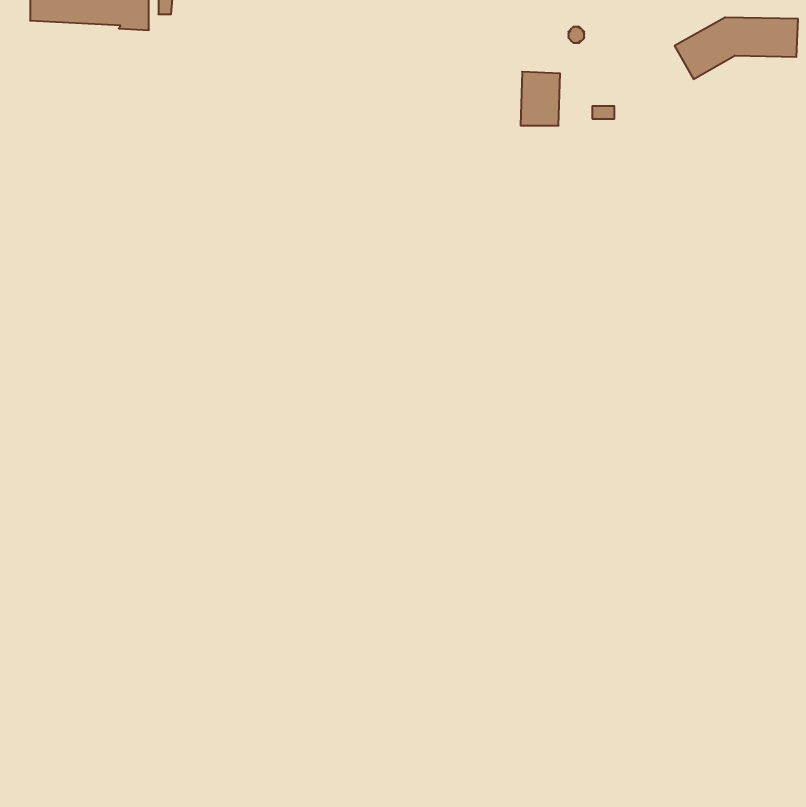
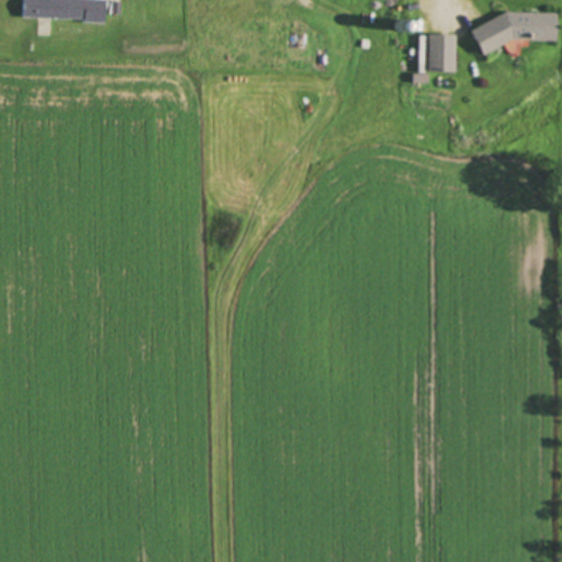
building: [521,72,560,126] -> [427,33,454,70]

